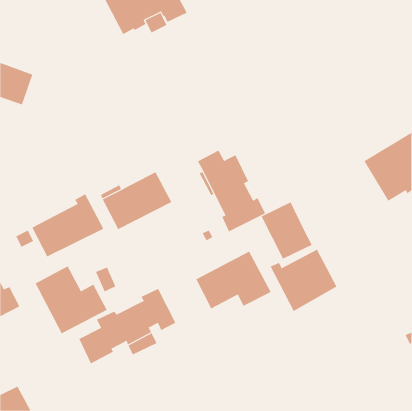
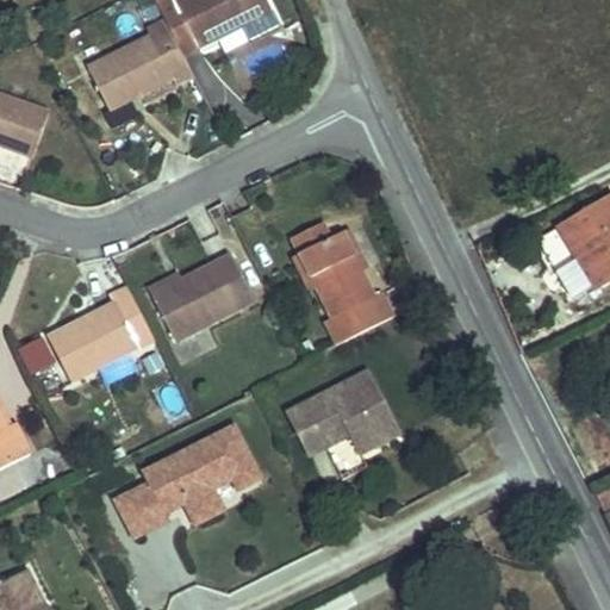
building: none -> [87,19,192,108]
building: [261,202,313,260] -> none
building: [270,249,337,312] -> none
building: [35,266,108,334] -> none

